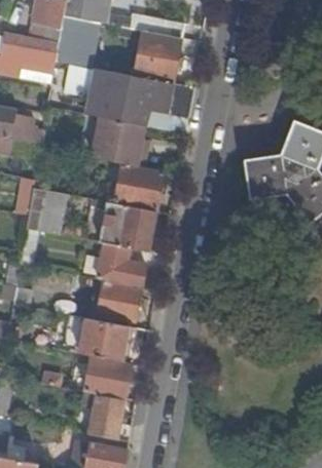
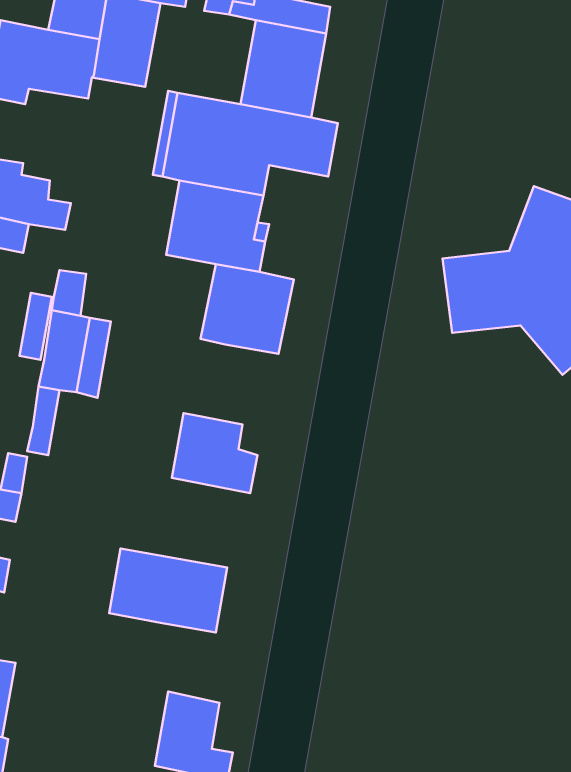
building: [97,201,155,251] -> none
building: [97,282,140,320] -> none
building: [84,356,130,399] -> none

